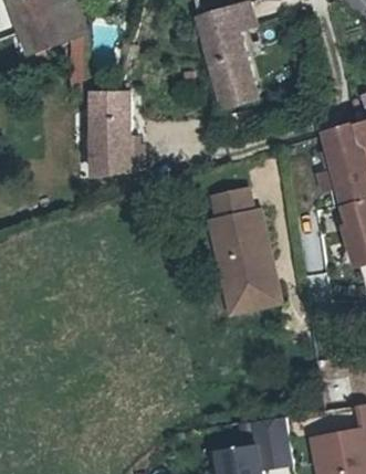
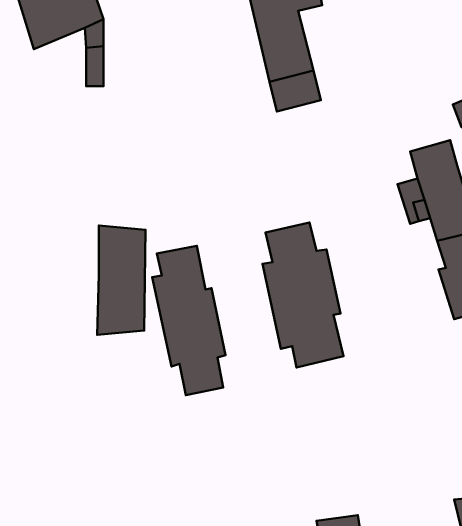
building: [91,87,128,172] -> [97,225,146,335]
building: none -> [152,246,226,395]
building: [223,262,281,317] -> none

